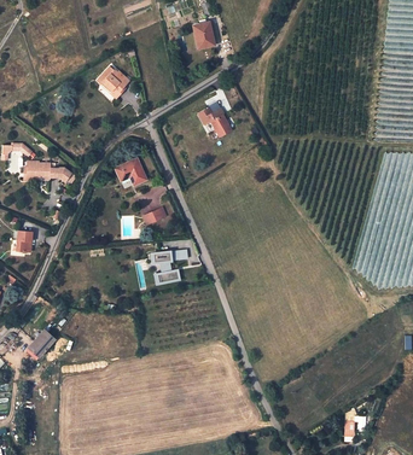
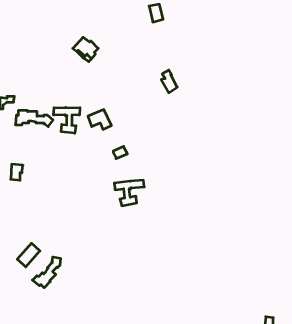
building: none -> [54,107,80,133]
building: none -> [32,257,60,288]

